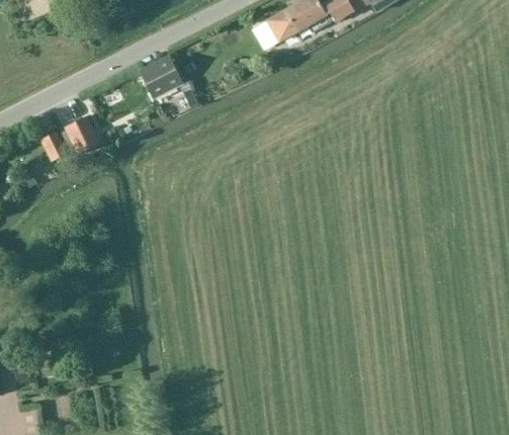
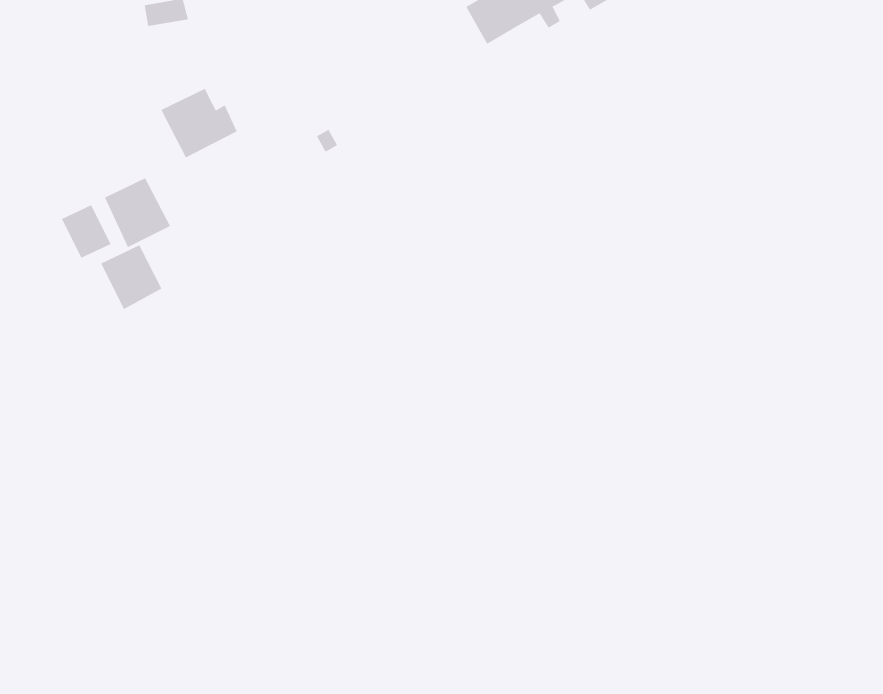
building: [139,58,182,97] -> [160,88,238,158]
building: none -> [101,245,162,310]

